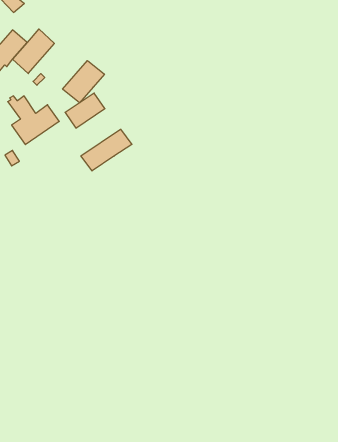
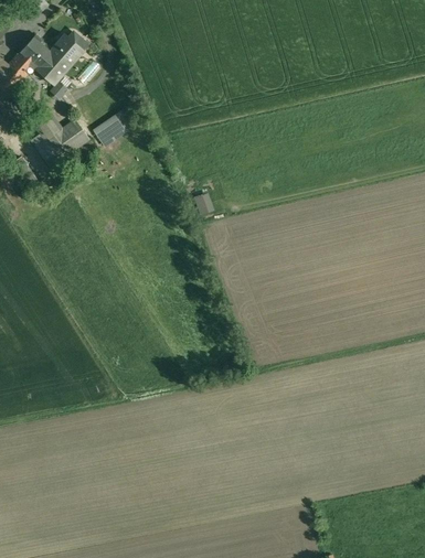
building: [63,61,104,103] -> none
building: [81,129,132,171] -> none

